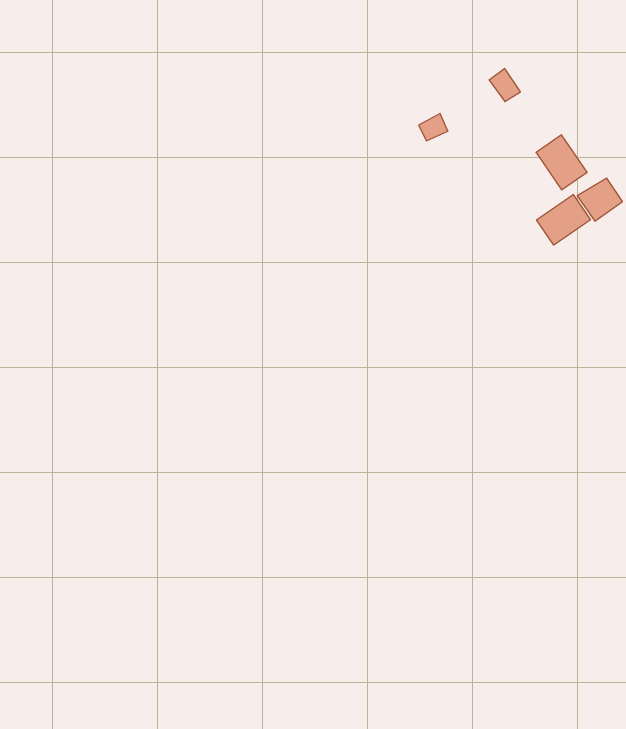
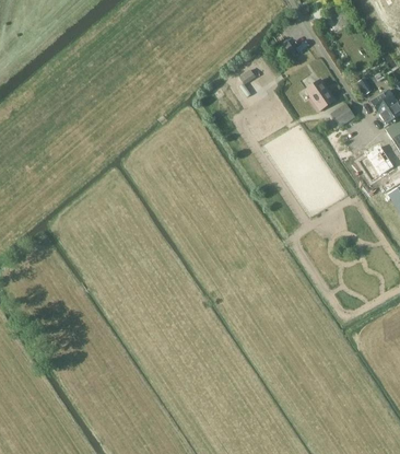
building: [537,194,590,245] -> none

